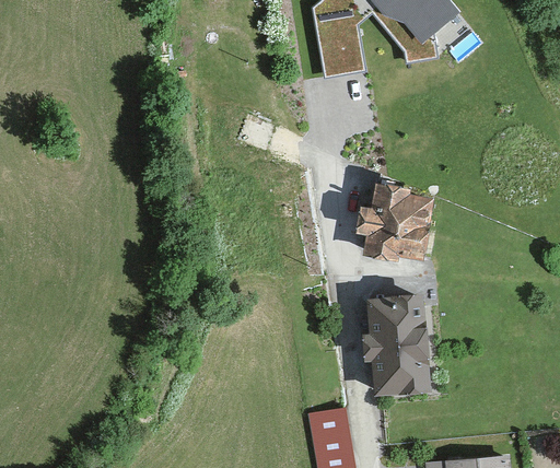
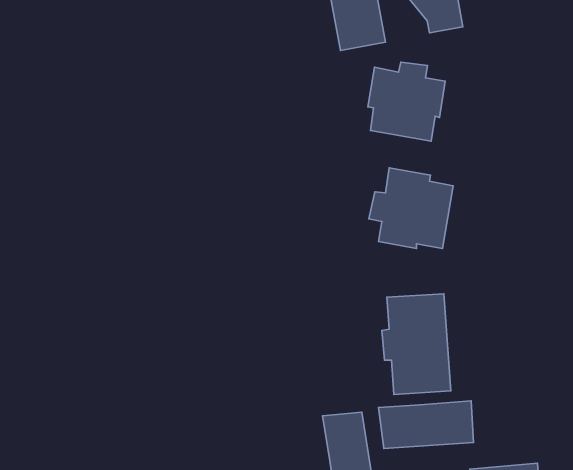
building: none -> [368,62,445,141]
building: none -> [379,401,473,449]

